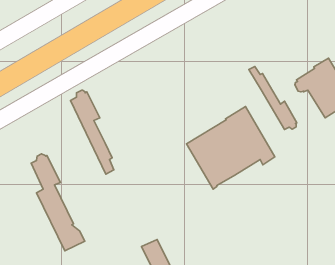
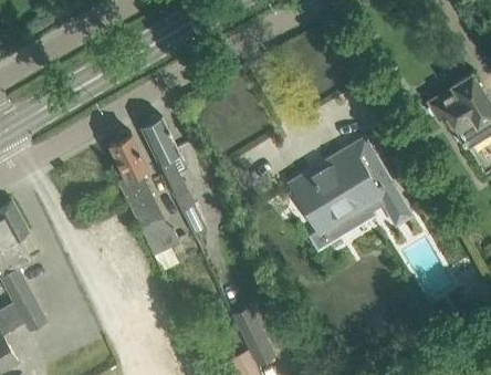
building: [249,66,297,129] -> none
building: [31,154,85,251] -> [111,132,179,256]

